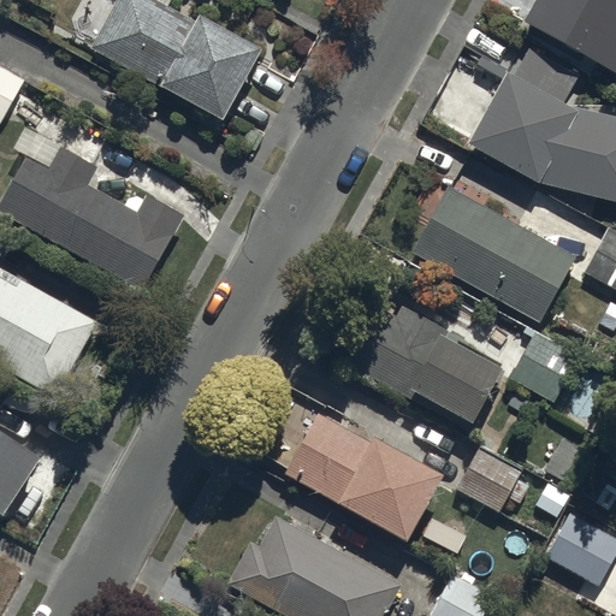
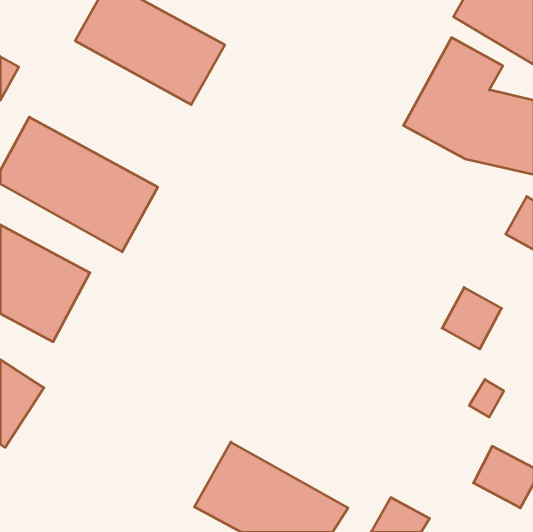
building: [410,183,578,321] -> none
building: [326,288,503,427] -> none
building: [283,411,440,543] -> none
building: [456,448,522,514] -> none

